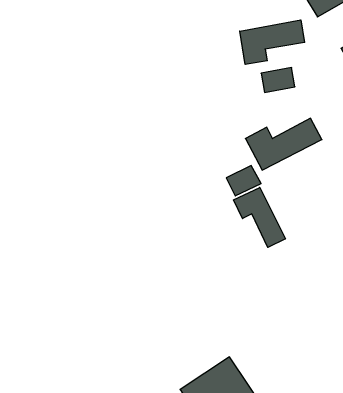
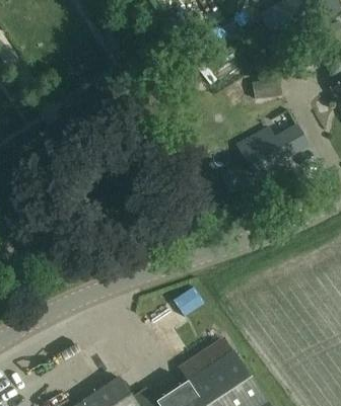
building: [240,20,305,64] -> none
building: [234,187,285,247] -> none

